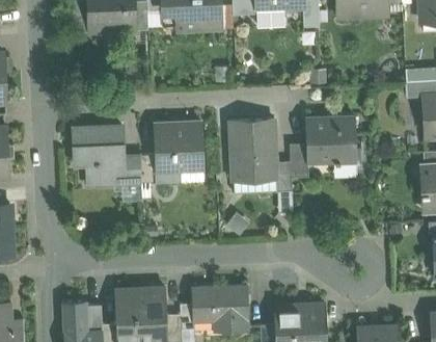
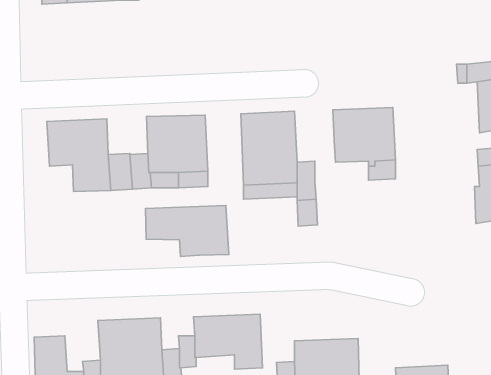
building: [290,143,308,177] -> none
building: none -> [146,206,229,256]

